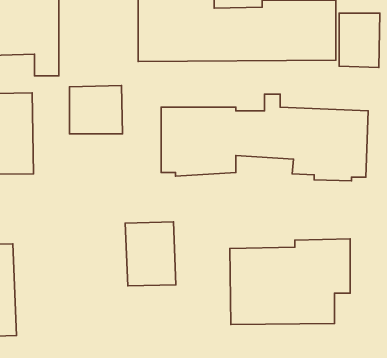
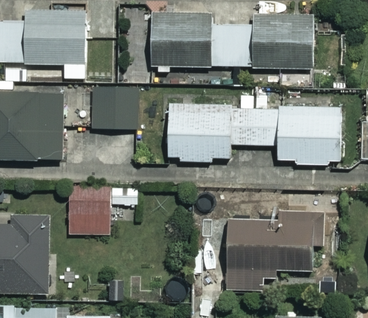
building: [339,13,380,67] -> none
building: [125,222,176,286] -> [69,185,111,238]

